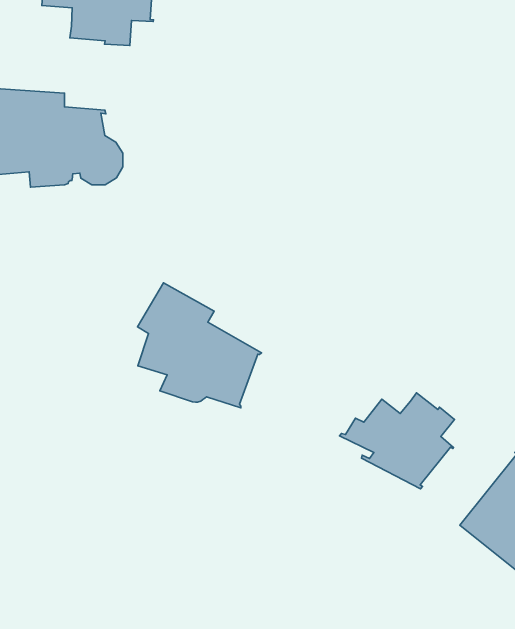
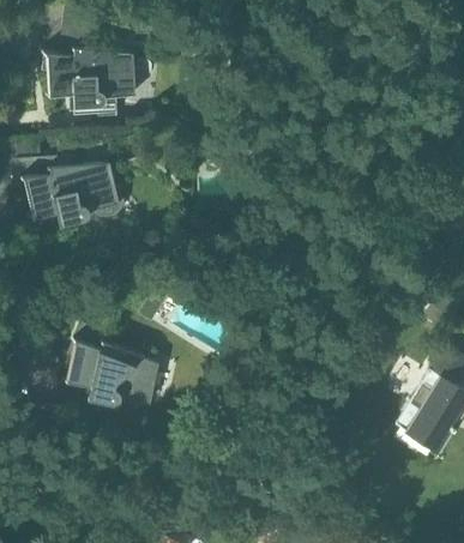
building: [138,283,261,408] -> [67,324,157,405]
building: [340,393,455,489] -> none

